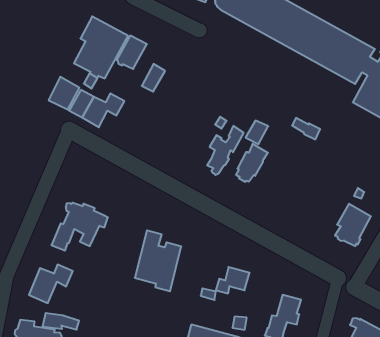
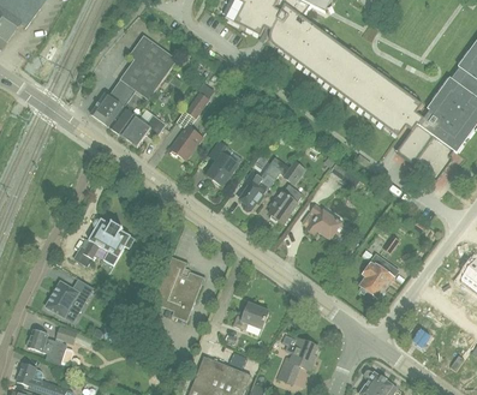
building: [117,36,147,69] -> [171,125,203,158]
building: none -> [207,140,240,185]
building: none -> [302,204,345,238]

